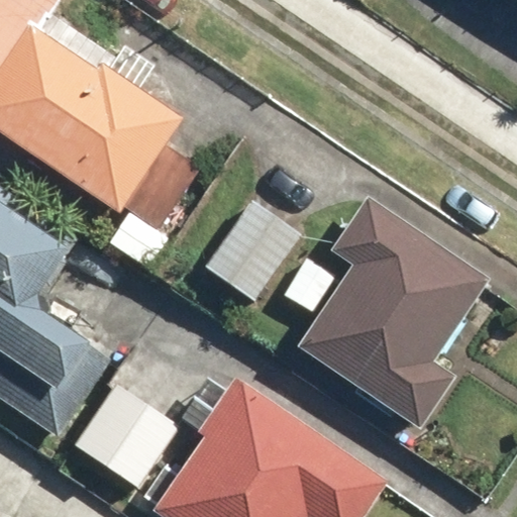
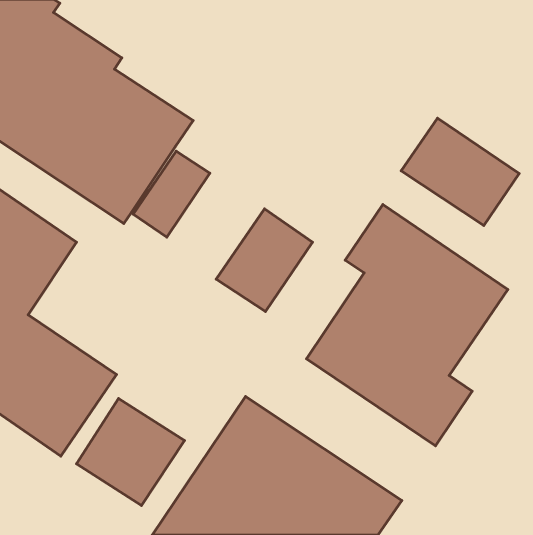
building: none -> [401,118,519,226]

